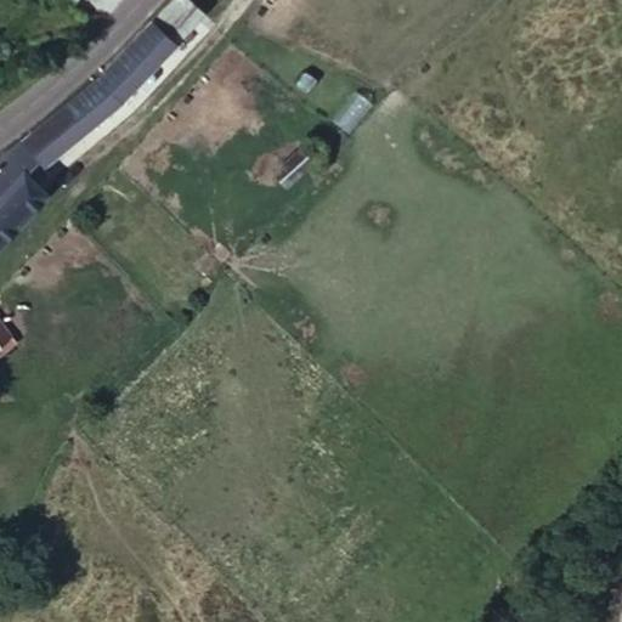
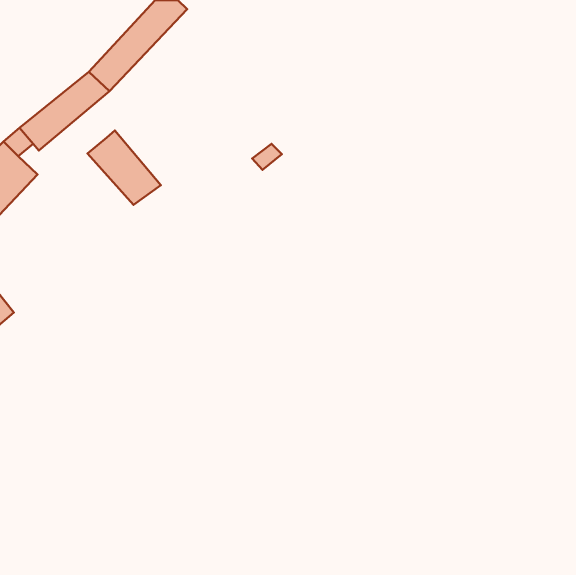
building: none -> [87,131,161,205]

